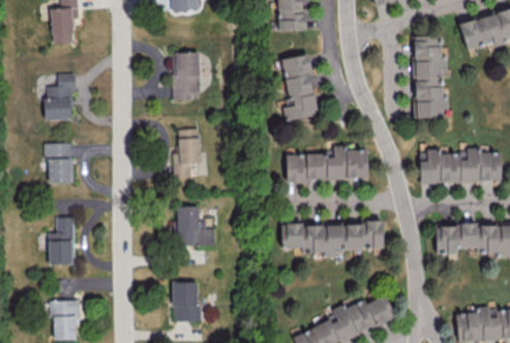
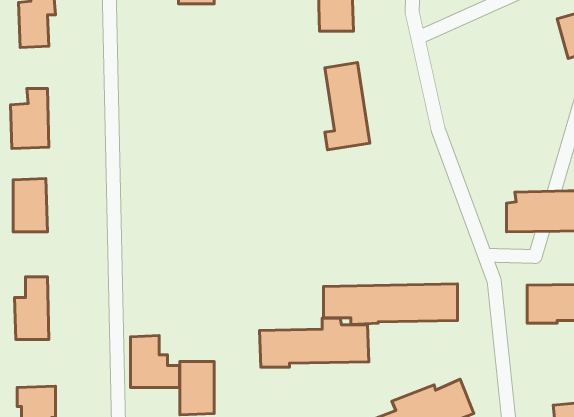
building: [414,38,448,118] -> none
building: [172,53,201,101] -> none
building: [173,130,201,179] -> none
building: [286,146,368,183] -> [259,318,369,367]
building: [177,206,214,246] -> [130,336,180,387]

